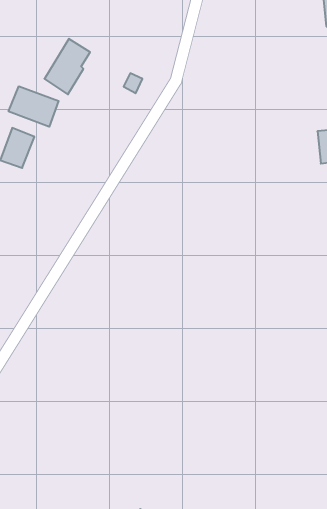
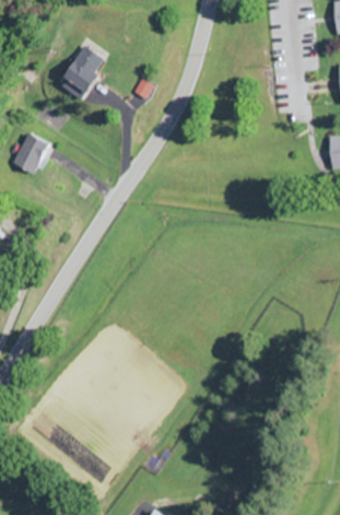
building: [9,86,59,127] -> none

